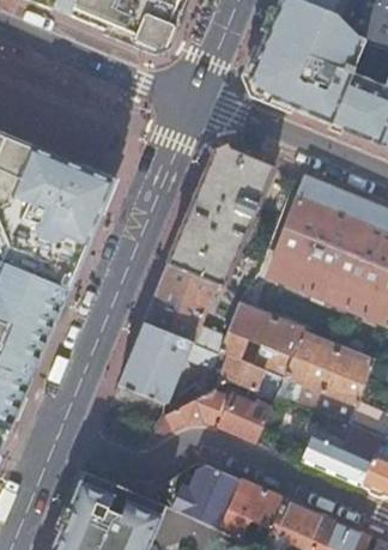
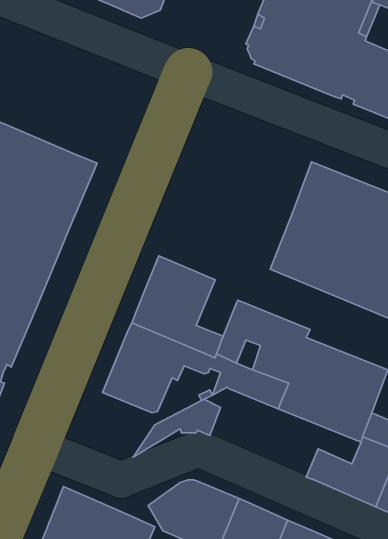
building: [169,147,274,286] -> none
building: [220,395,272,441] -> none

